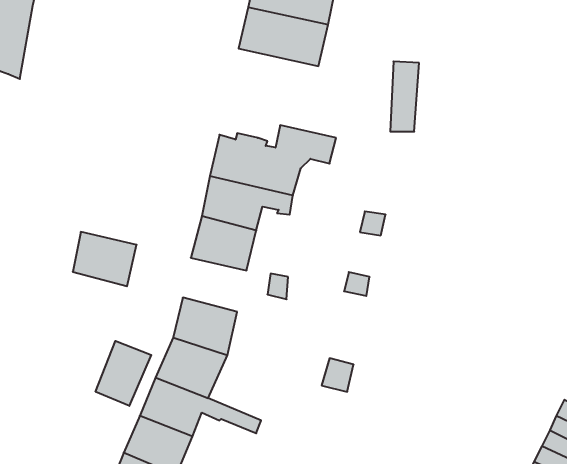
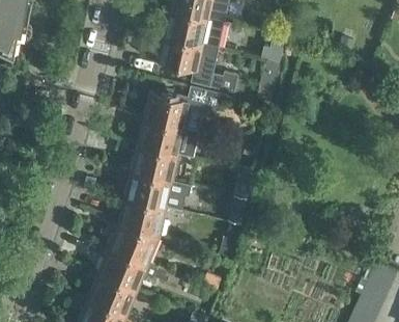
building: none -> [160,37,237,92]
building: [73,232,137,286] -> [129,173,170,209]
building: [96,341,151,406] -> none

